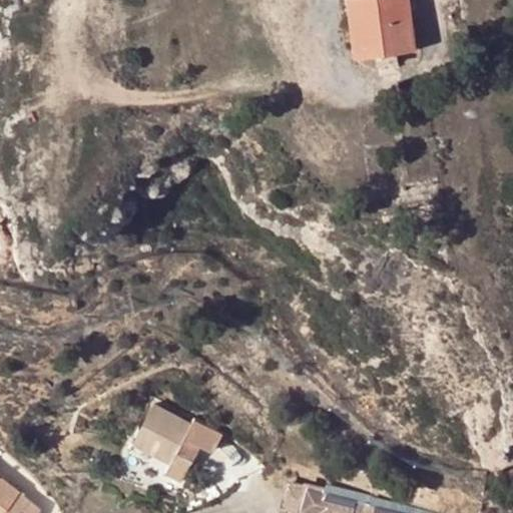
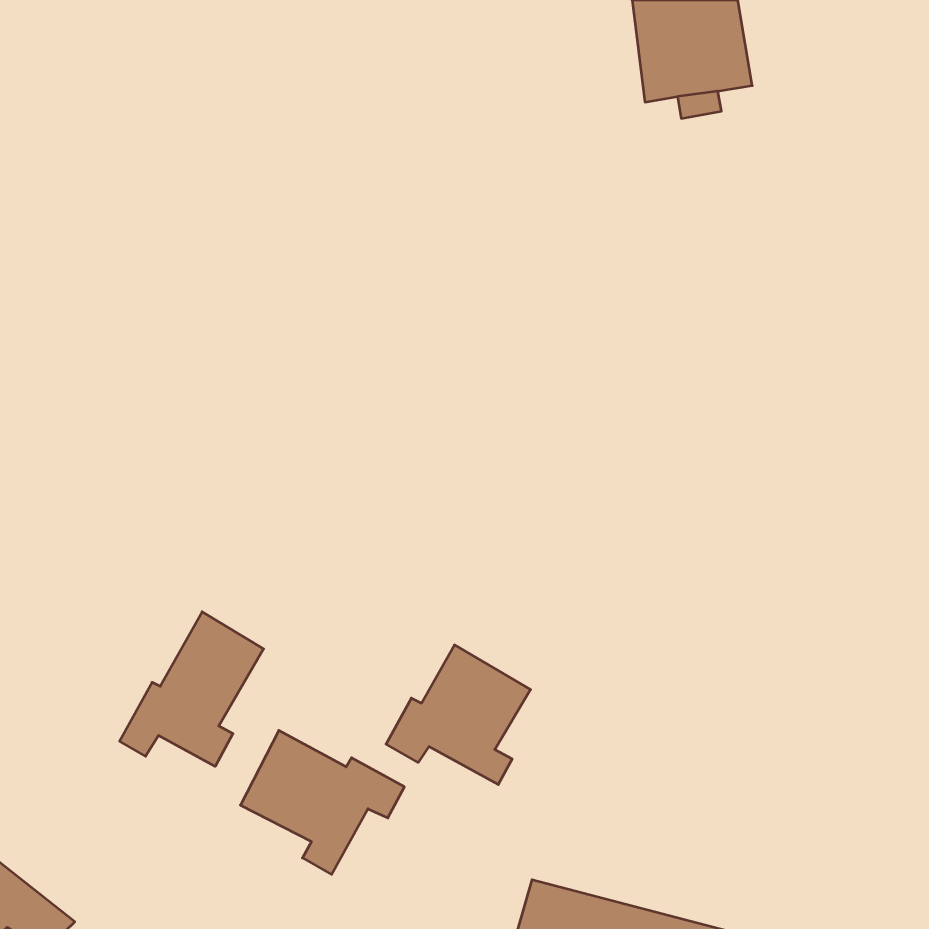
building: none -> [120,612,264,766]
building: none -> [386,645,531,785]

